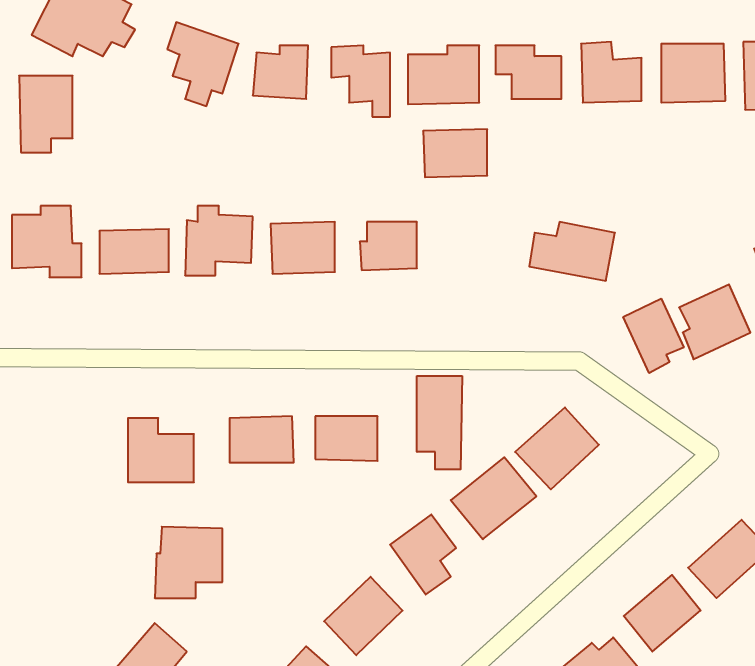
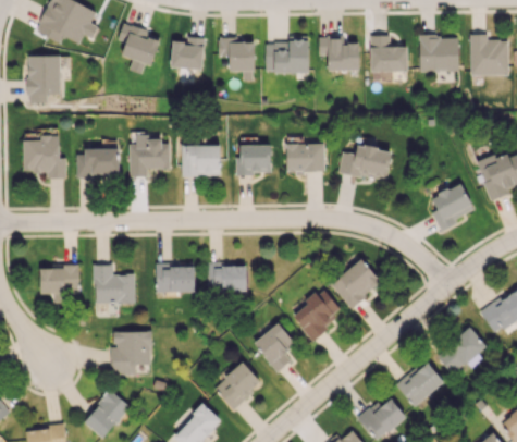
building: [423,129,487,177] -> [286,144,325,173]
building: [623,299,684,373] -> none
building: [417,376,462,469] -> none
building: none -> [40,267,79,304]

